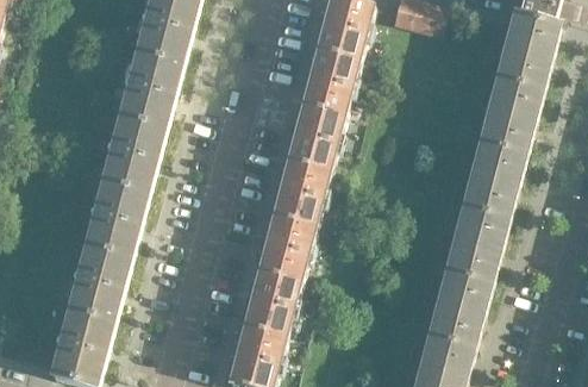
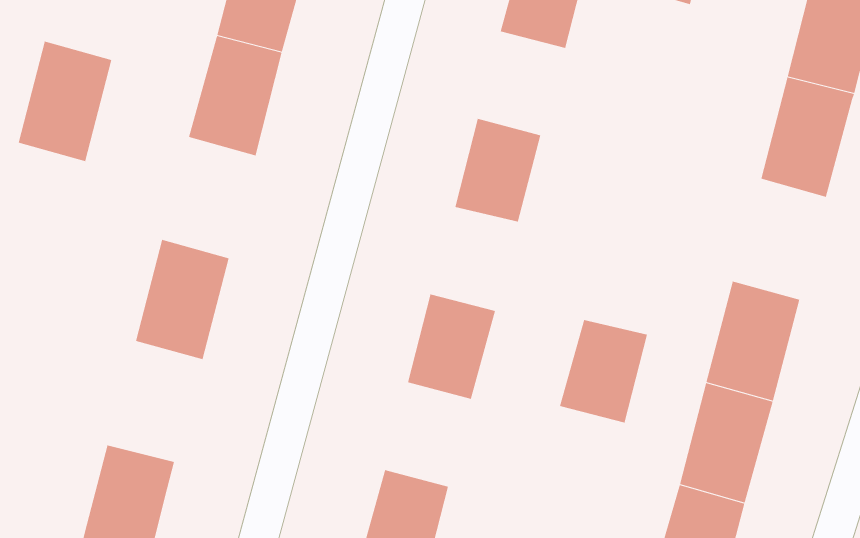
building: [302,49,358,114] -> none
building: [104,116,163,192] -> [18,41,112,162]
building: [463,142,523,218] -> none
building: [273,160,329,225] -> [559,319,648,423]
building: [69,244,130,320] -> none
building: [244,270,299,336] -> none

